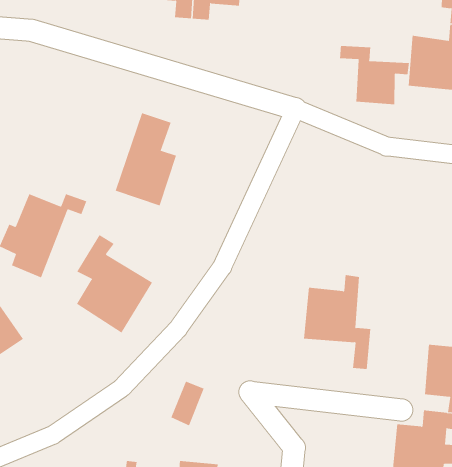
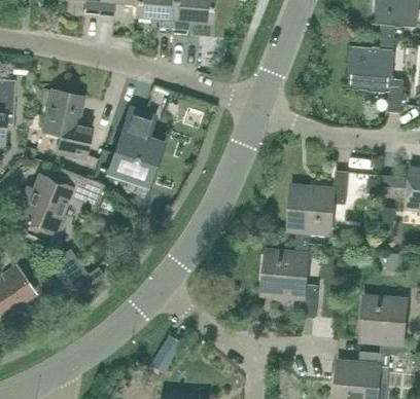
building: [340,45,410,105] -> none
building: none -> [43,88,92,157]
building: none -> [289,170,348,242]
building: [76,234,153,334] -> none

